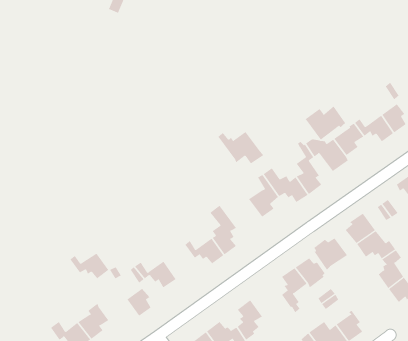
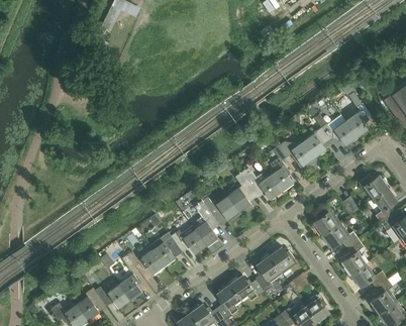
building: [305,106,346,140] -> none
building: [217,131,264,164] -> [202,196,243,225]
building: [314,238,348,271] -> none
building: none -> [153,236,180,266]
building: [69,253,109,279] -> [95,285,130,308]
building: none -> [229,276,265,300]

